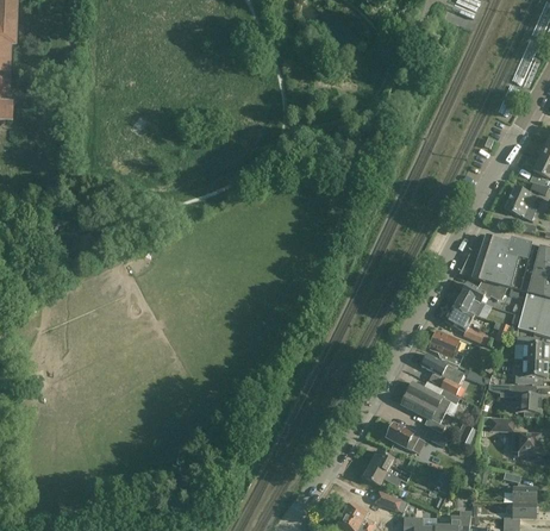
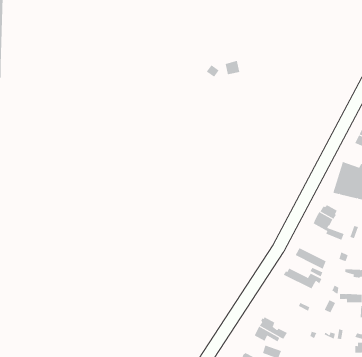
building: [461,281,507,302] -> none
building: [430,330,463,364] -> none
building: [400,392,444,431] -> none
building: [386,421,419,449] -> none

